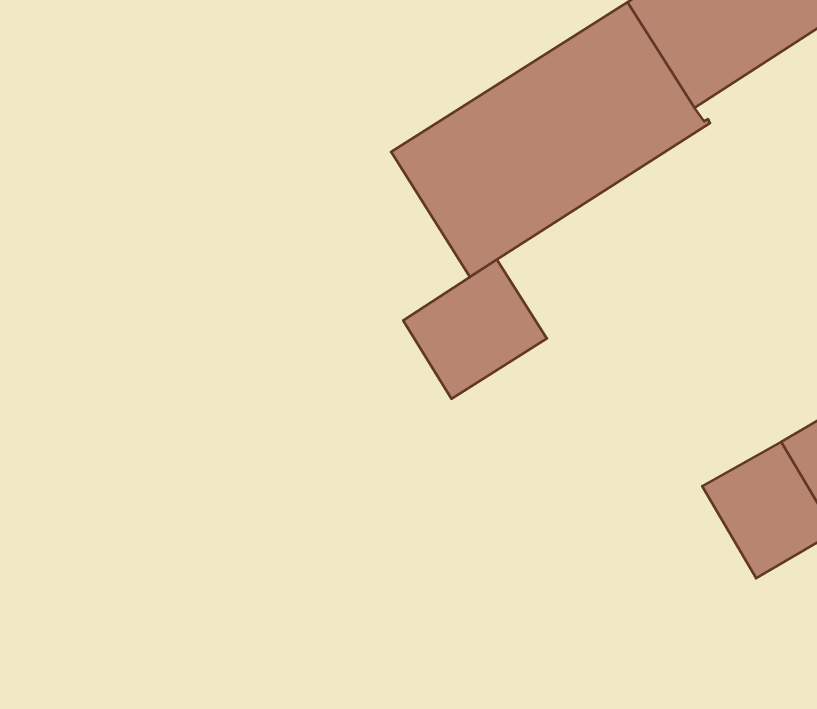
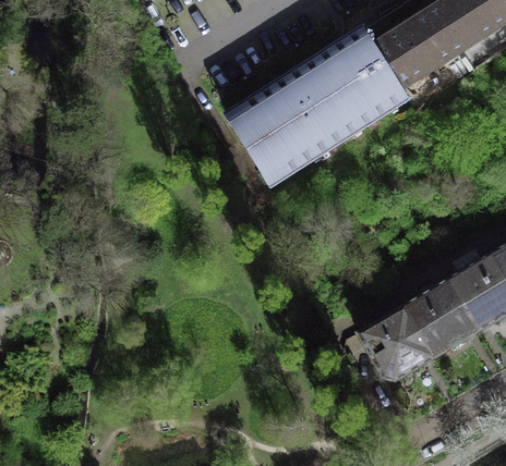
building: [403,260,547,399] -> none
building: none -> [357,306,434,381]

